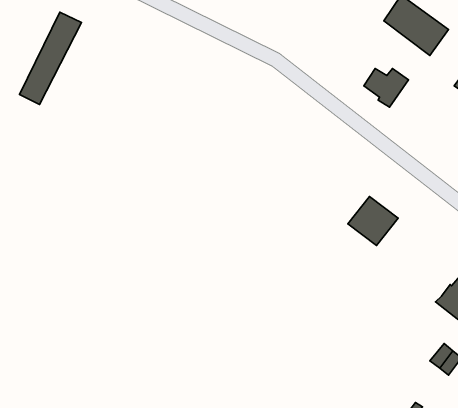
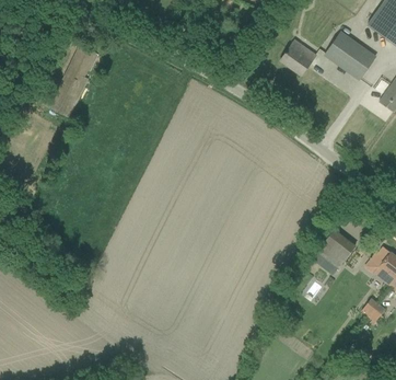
building: [364,68,408,107] -> [282,45,316,74]
building: [348,197,398,246] -> [317,229,356,266]

